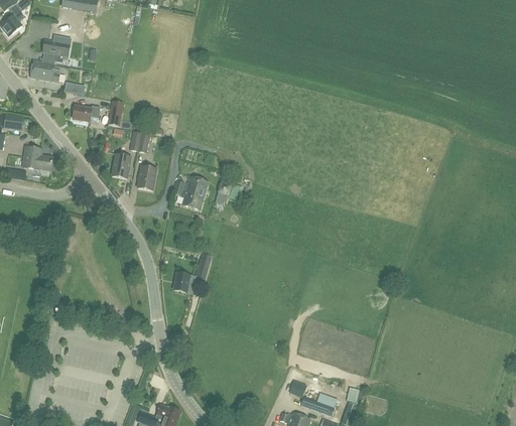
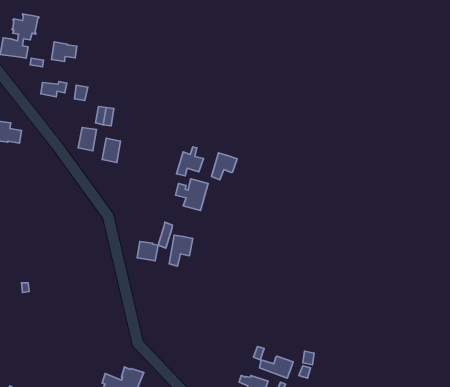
building: none -> [52,42,77,62]
building: [173,175,208,208] -> [175,179,208,211]
building: none -> [212,153,237,180]
building: none -> [169,235,193,266]

